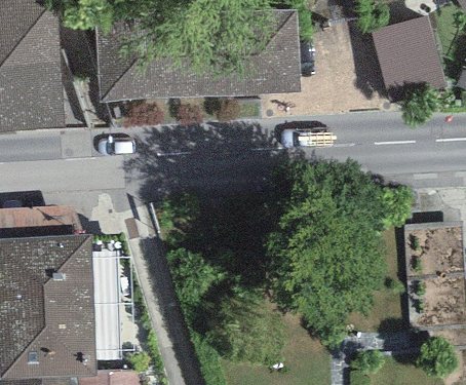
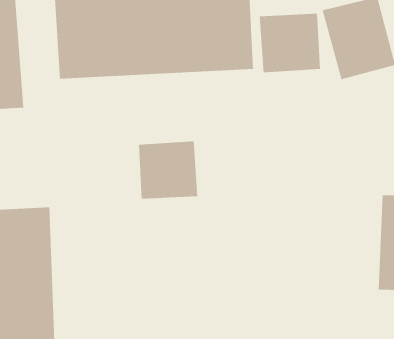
building: none -> [259,13,320,73]
building: none -> [139,141,198,200]

